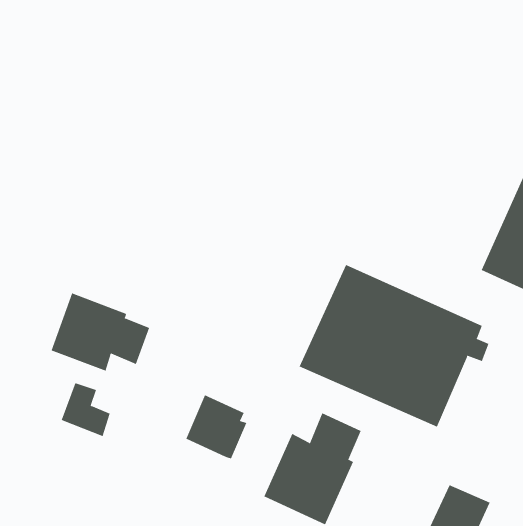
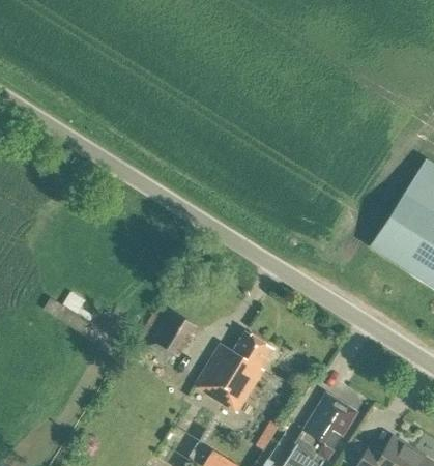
building: [299,264,489,427] -> none
building: [51,293,150,372] -> none

